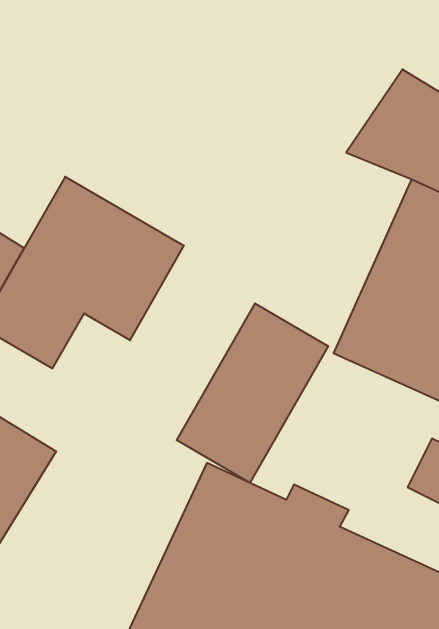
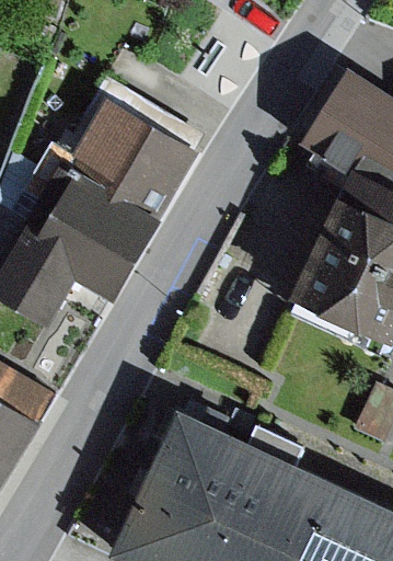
building: none -> [58,96,199,221]
building: [177,303,328,483] -> none

